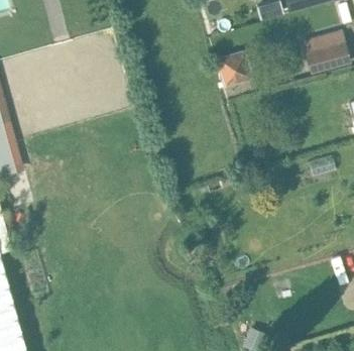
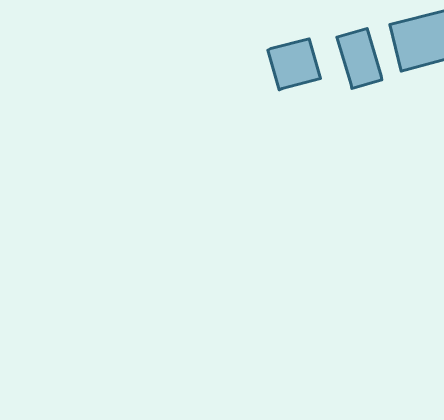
building: none -> [337,29,382,88]

